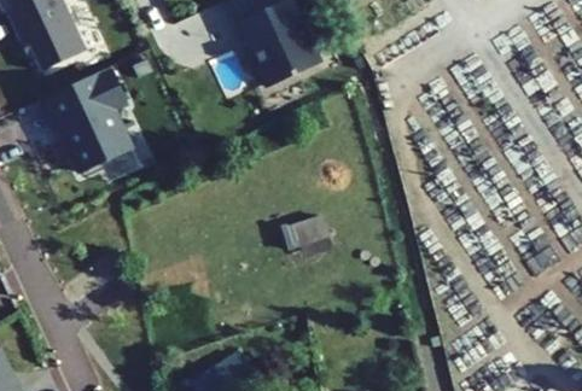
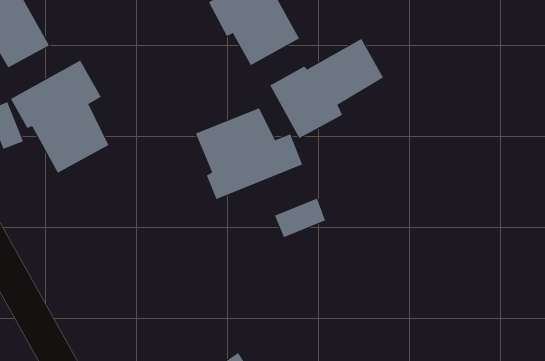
building: none -> [269,38,384,139]
building: none -> [195,107,303,200]

